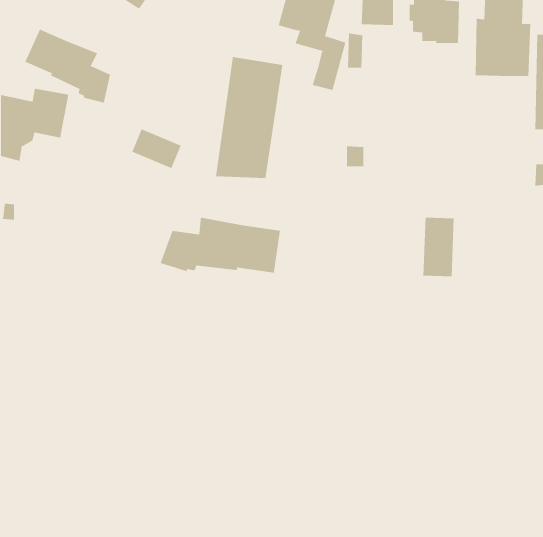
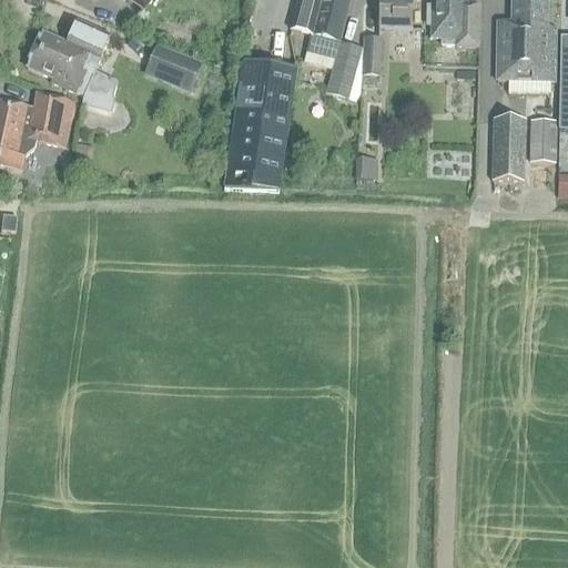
building: none -> [70,22,111,55]
building: none -> [529,119,556,162]
building: [132,128,182,169] -> [149,47,201,89]
building: [160,217,280,274] -> none
building: [423,217,455,277] -> [490,118,524,180]

